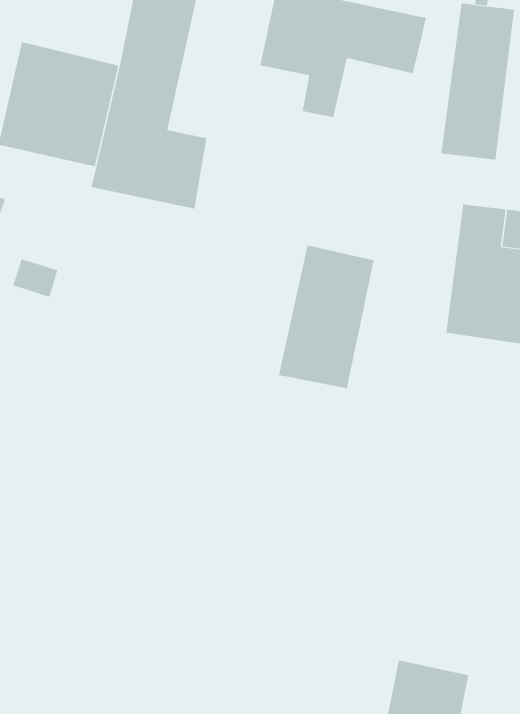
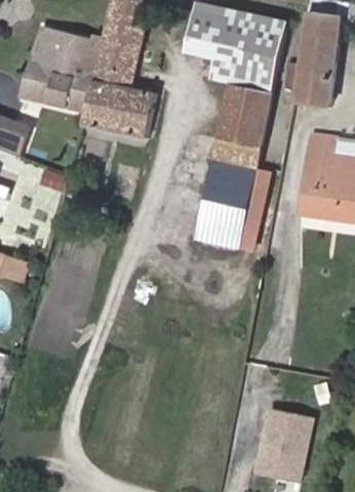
building: none -> [213,45,278,167]

